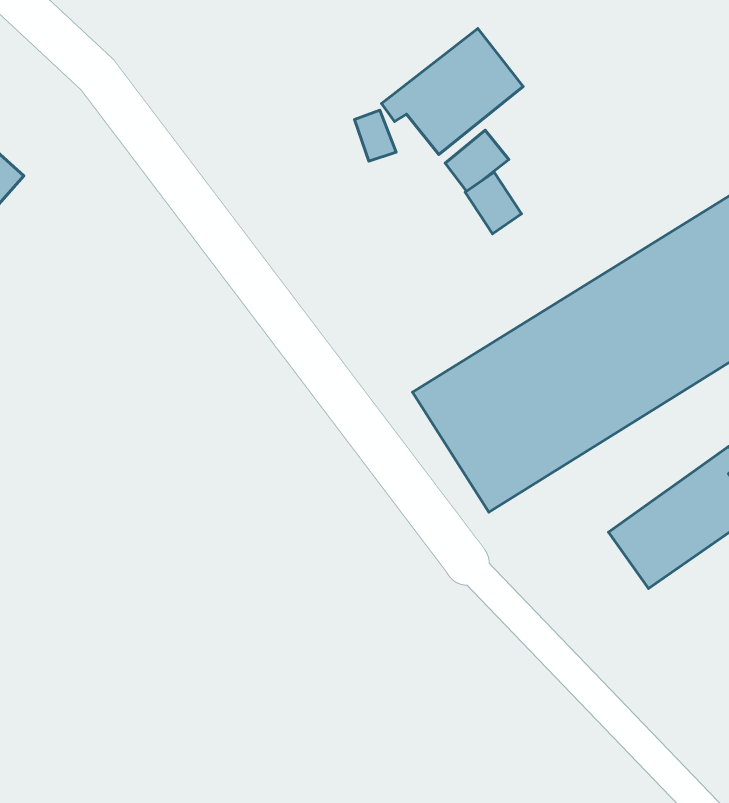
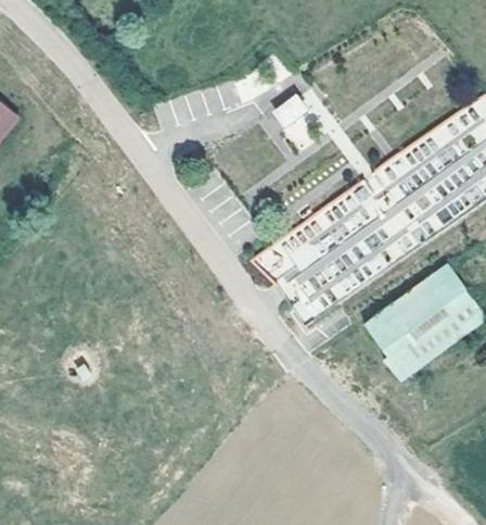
building: [382,28,523,154] -> none

